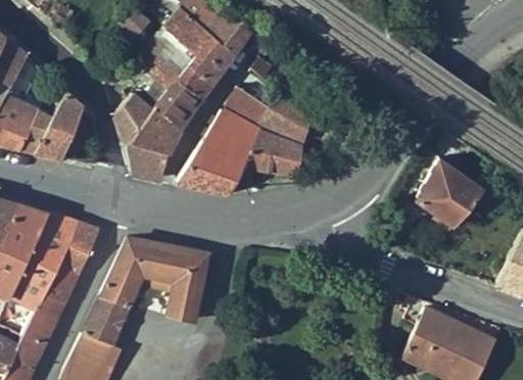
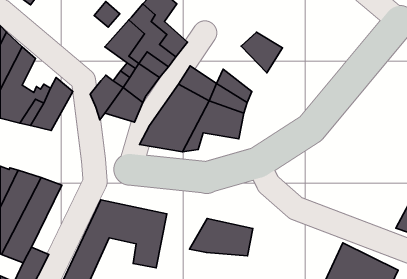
building: [203,7,249,54] -> none
building: none -> [241,32,282,73]
building: [124,142,167,179] -> none
building: [407,151,479,222] -> none
building: [39,231,99,317] -> none
building: none -> [190,218,253,256]

